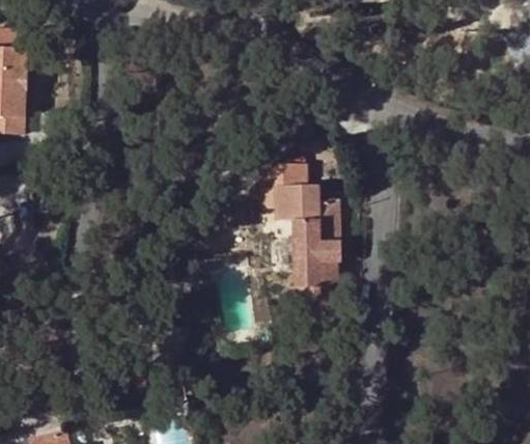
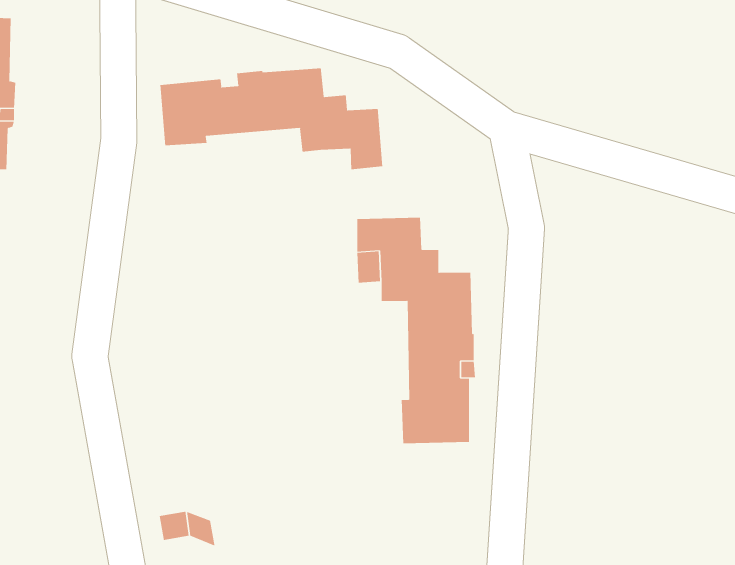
building: none -> [160,67,383,170]

